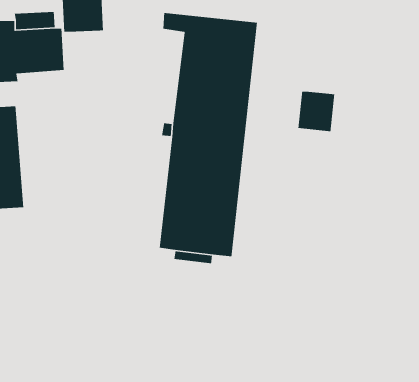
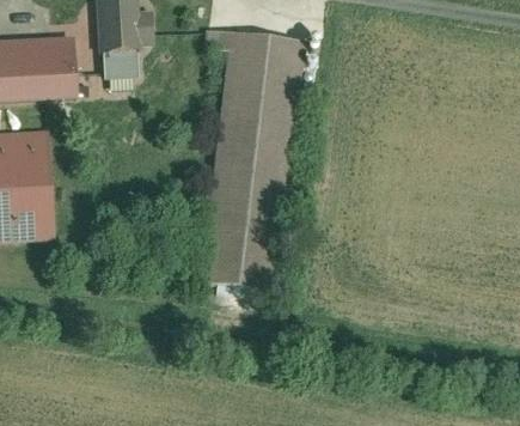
building: none -> [100,49,136,81]
building: [298,91,335,132] -> none

